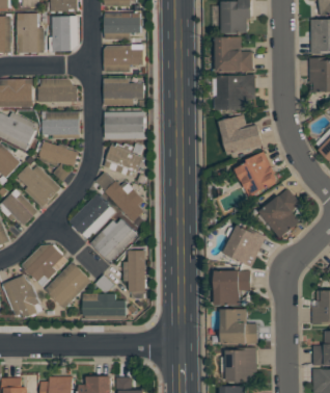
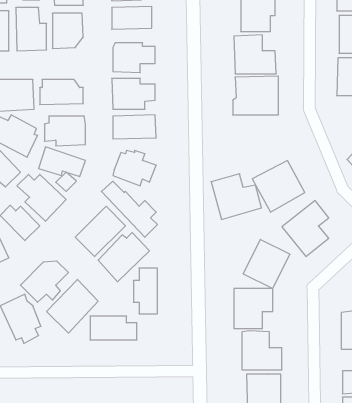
building: [217,116,263,158] -> [211,174,261,219]

